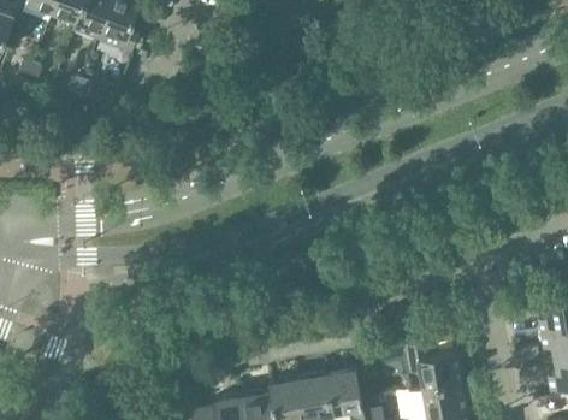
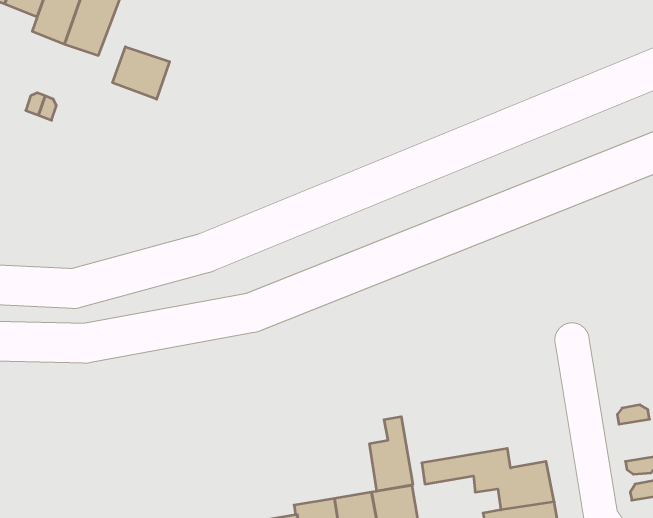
building: none -> [113,47,170,99]
building: none -> [370,417,413,491]

